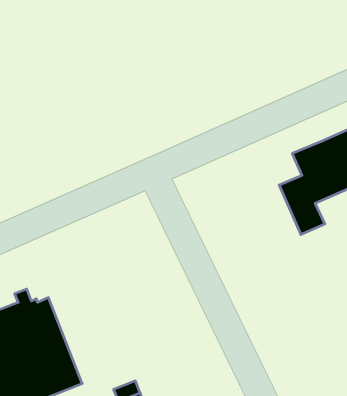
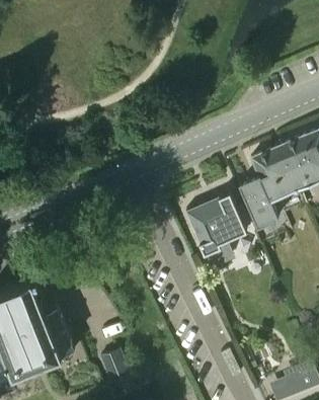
building: none -> [185,194,247,256]

